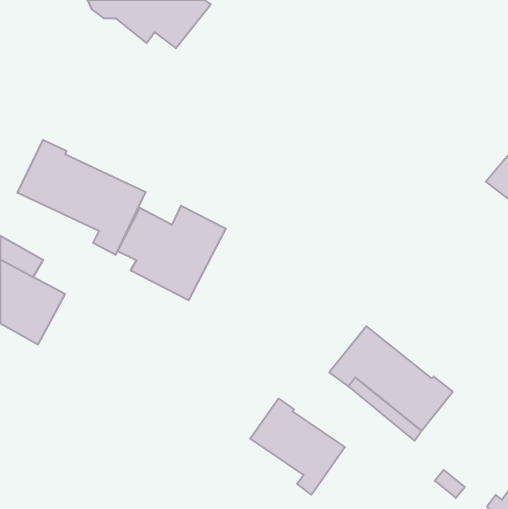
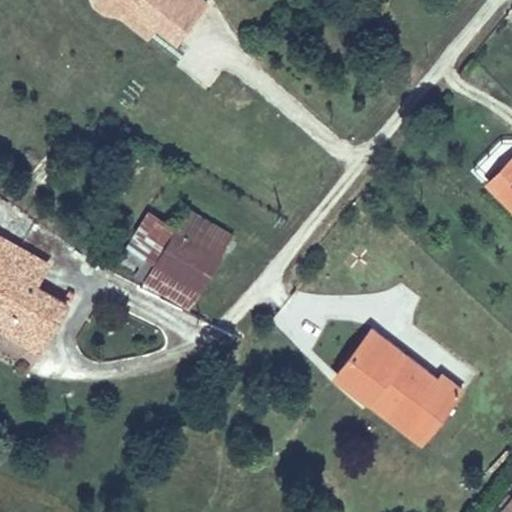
building: [17,140,146,255] -> none
building: [250,399,345,495] -> none

